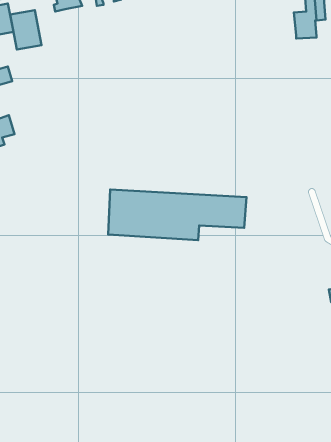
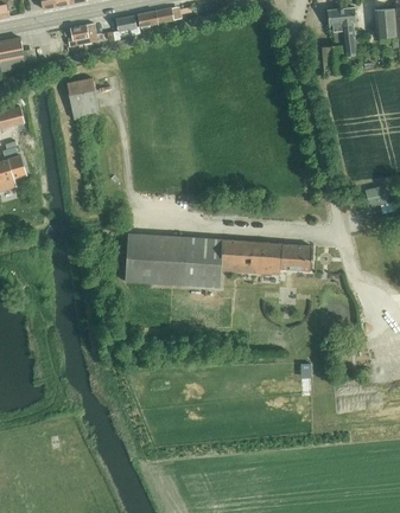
building: [10,10,42,50] -> [65,77,99,118]
building: none -> [268,241,311,274]

